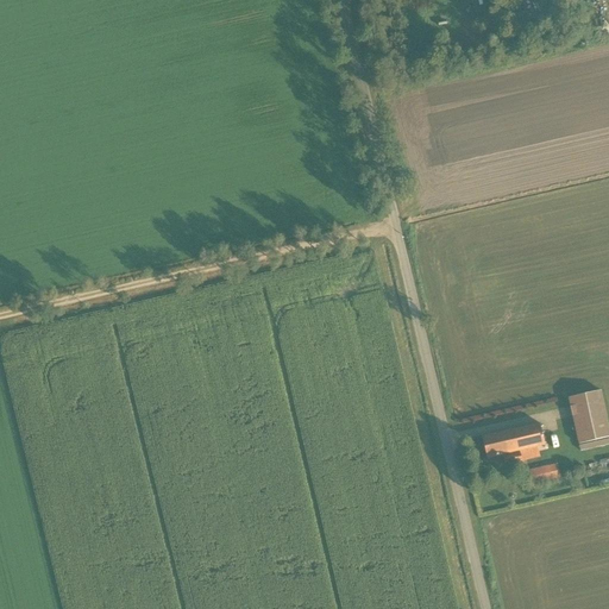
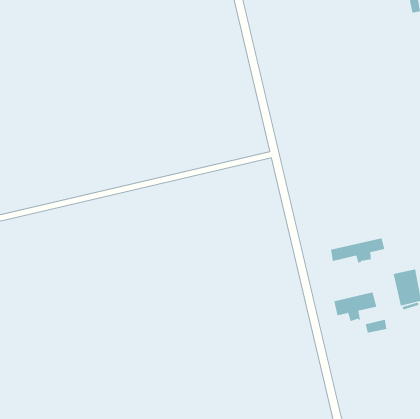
building: none -> [331,238,385,263]

